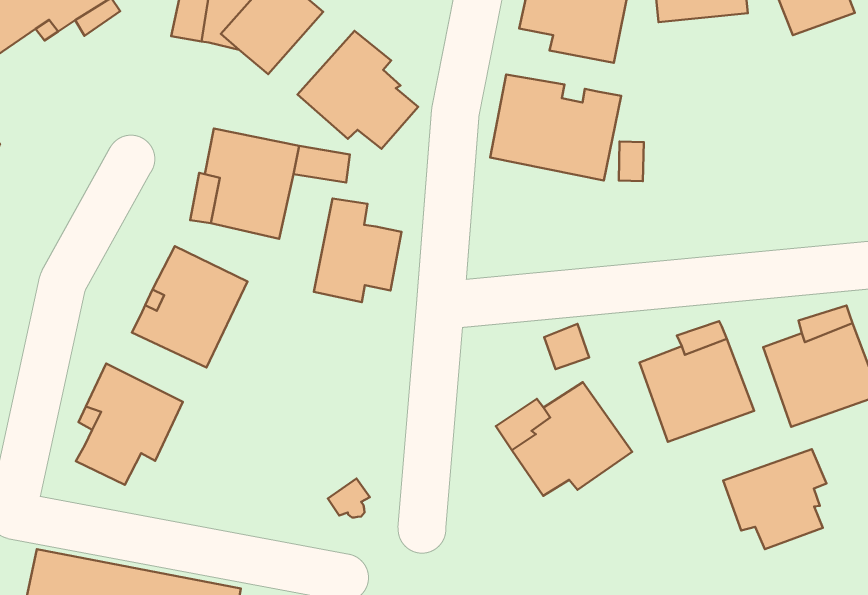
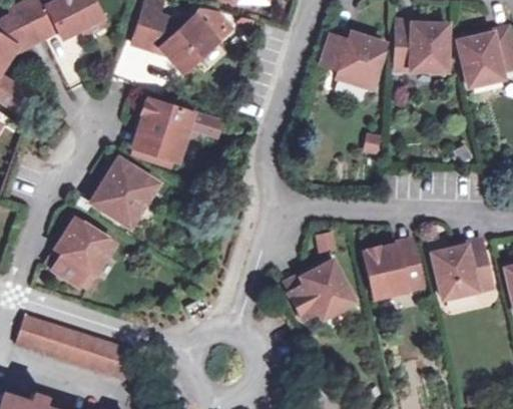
building: [298,31,418,149] -> none
building: [490,74,621,180] -> none
building: [314,199,401,302] -> none
building: [723,449,827,549] -> none

